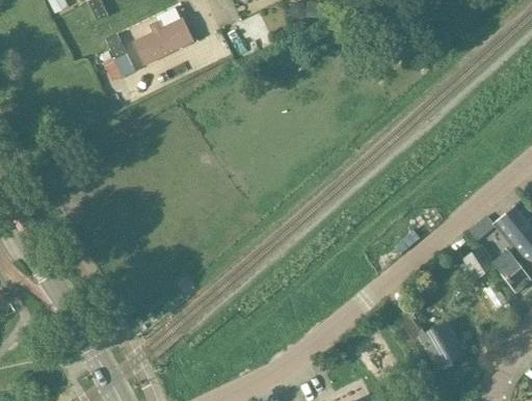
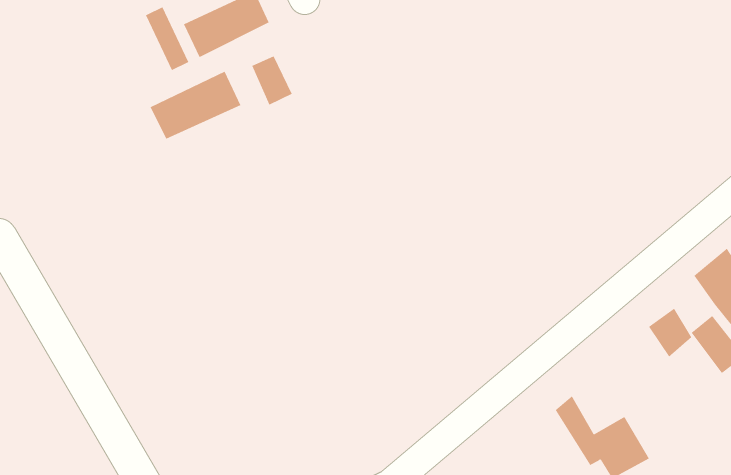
building: none -> [251,56,292,105]
building: none -> [150,71,241,139]

